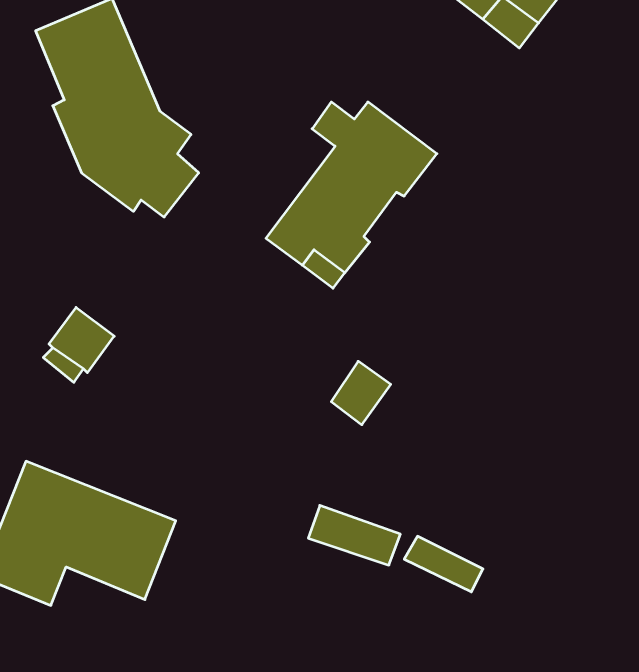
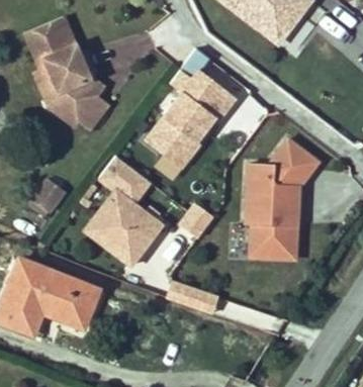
building: none -> [246,136,322,261]
building: none -> [85,156,162,269]

